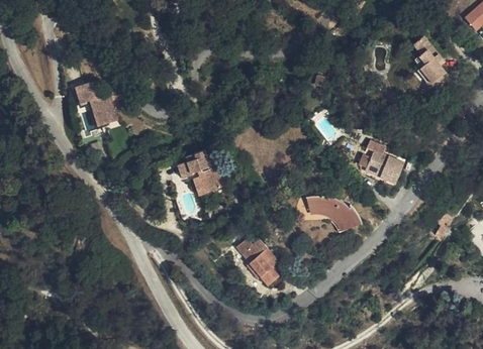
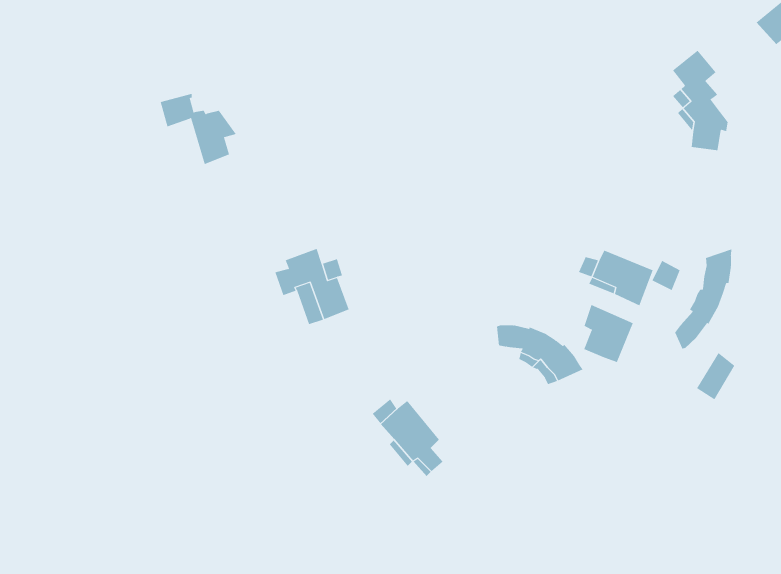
building: [79,85,124,127] -> [160,93,237,165]
building: none -> [675,248,732,349]
building: none -> [584,304,634,363]

